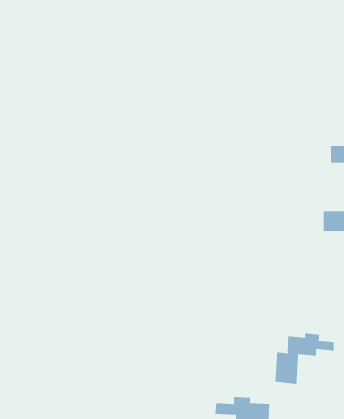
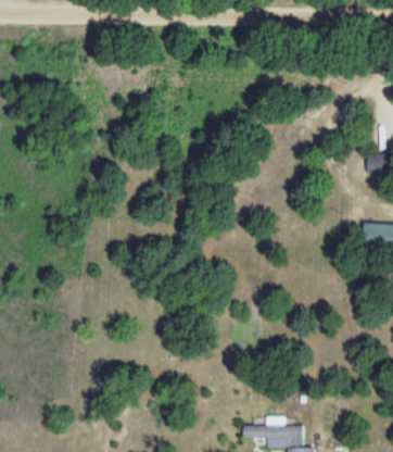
building: [275,333,334,385] -> none

